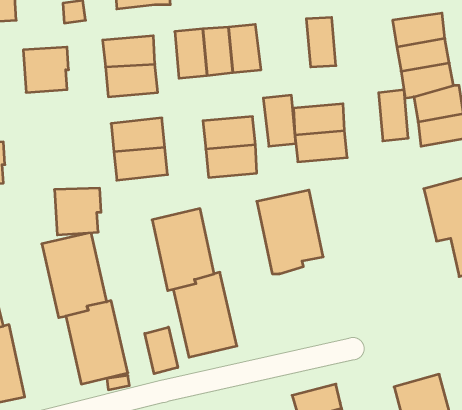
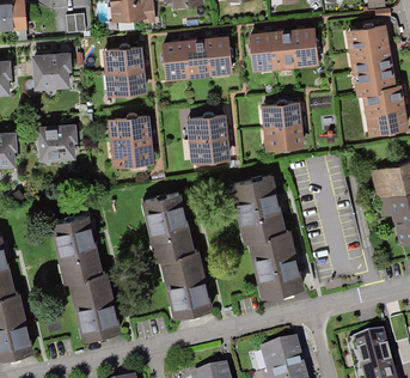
building: [379,90,408,141] -> [293,25,318,68]
building: [263,95,296,146] -> [247,29,275,72]
building: [54,188,101,235] -> [38,124,78,164]
building: none -> [249,228,304,294]
building: [145,327,178,374] -> none

